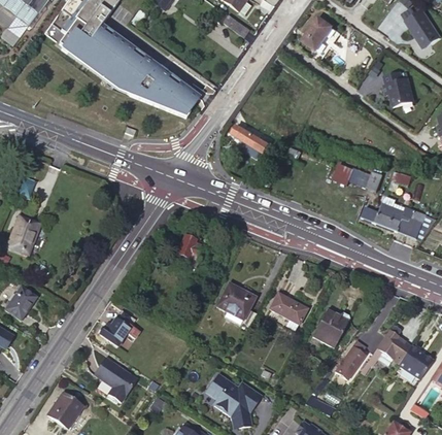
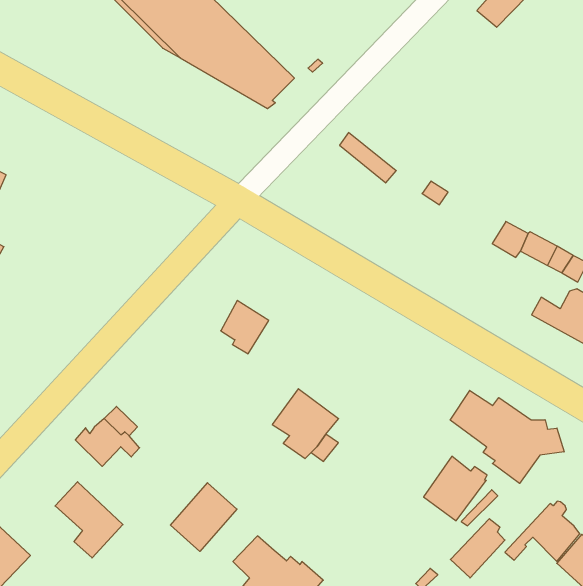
building: none -> [450,390,564,483]
building: [270,293,308,324] -> none
building: none -> [170,483,237,551]

